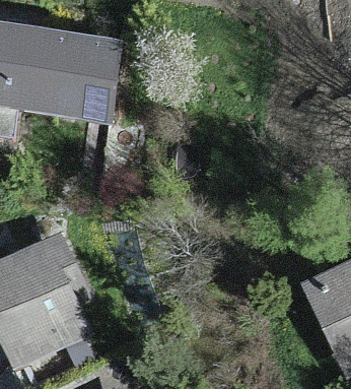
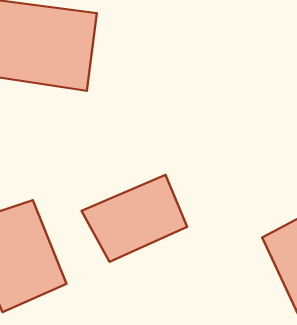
building: none -> [81,175,187,262]

